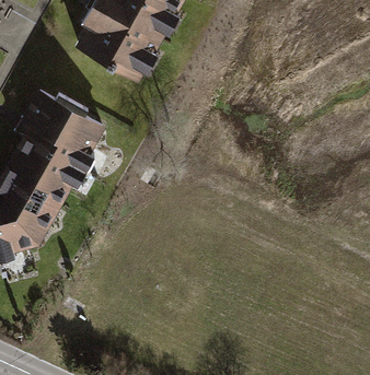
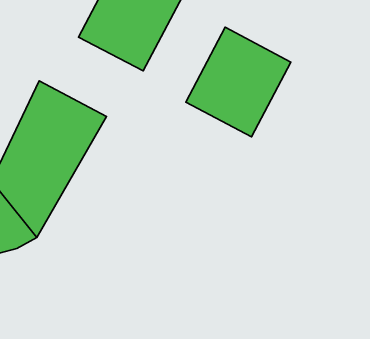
building: none -> [186,27,291,137]

